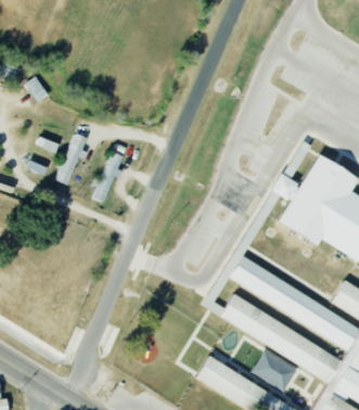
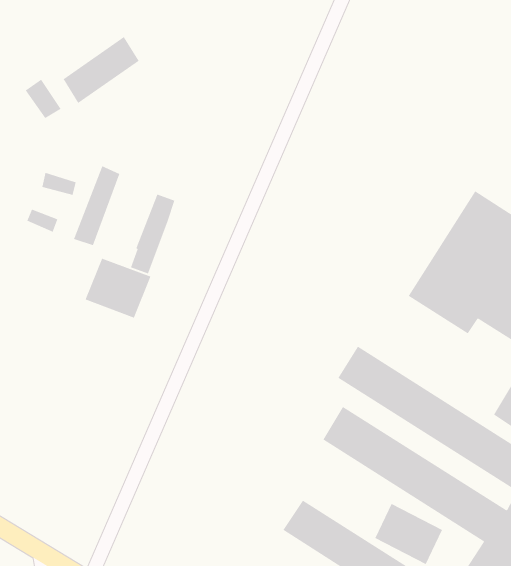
building: none -> [63,36,139,104]
building: none -> [85,258,151,318]

